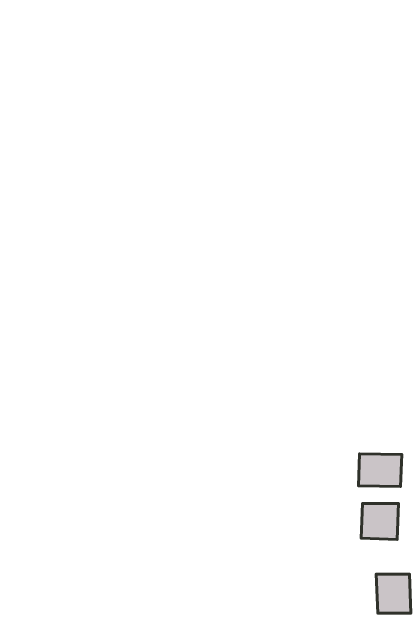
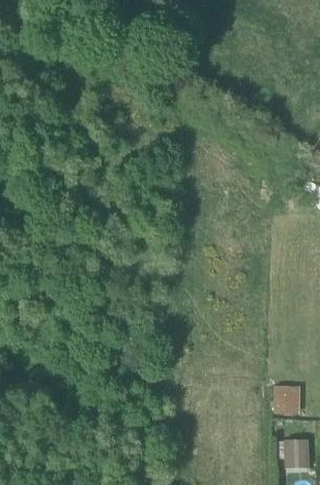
building: [358,454,402,486] -> none

